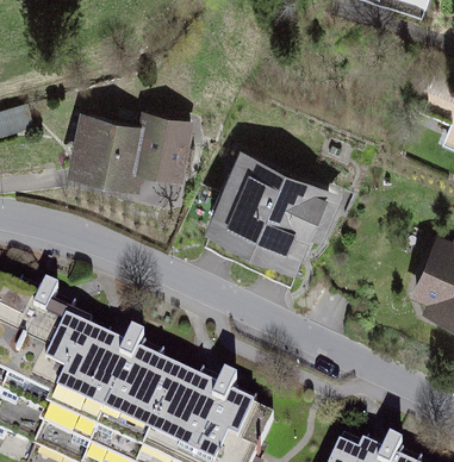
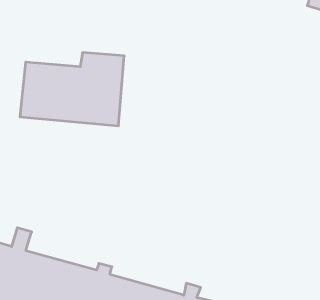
building: [209,148,344,267] -> none

